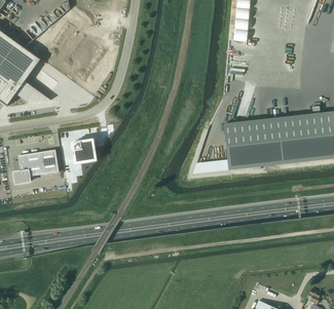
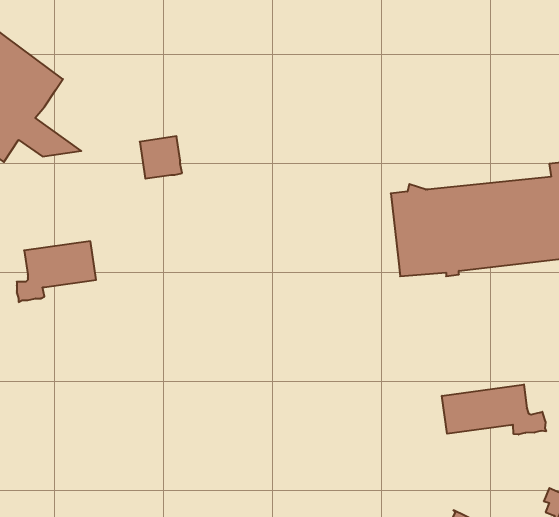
building: [72,139,96,162] -> [140,136,182,179]
building: none -> [442,384,546,435]

